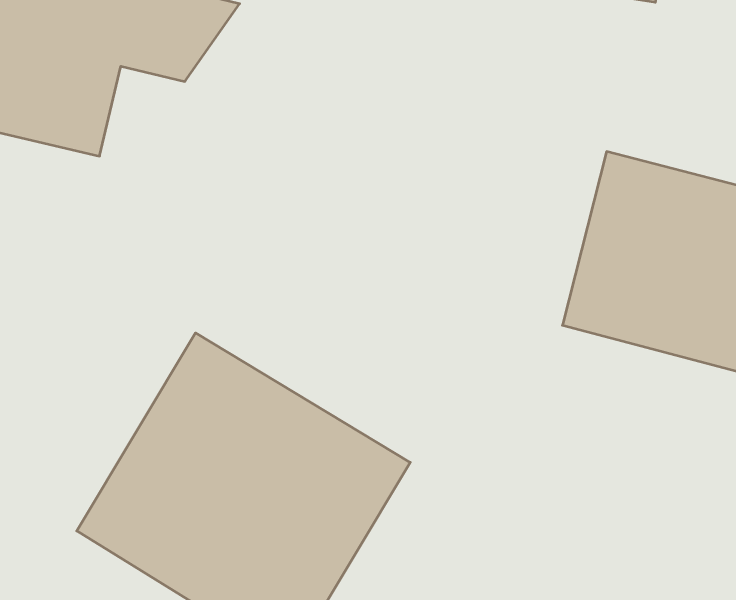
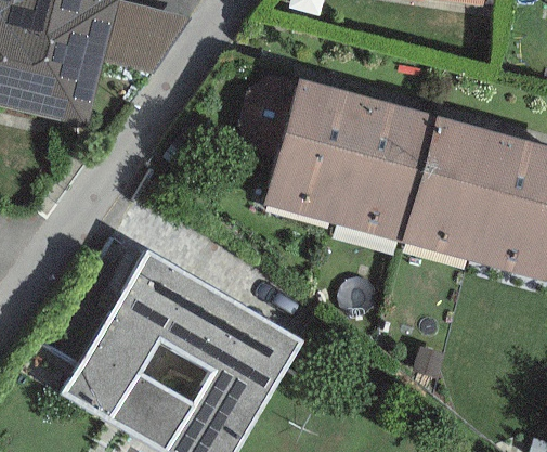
building: none -> [264,77,430,235]

